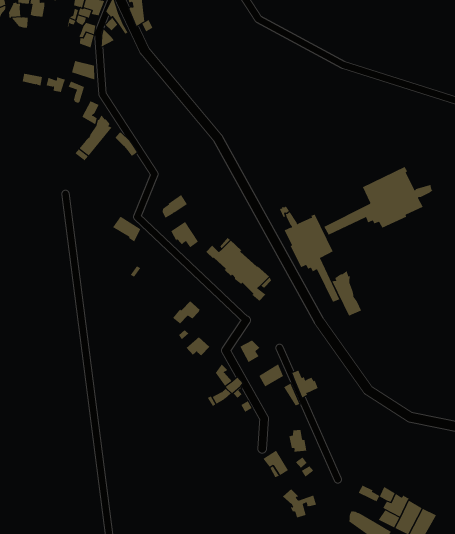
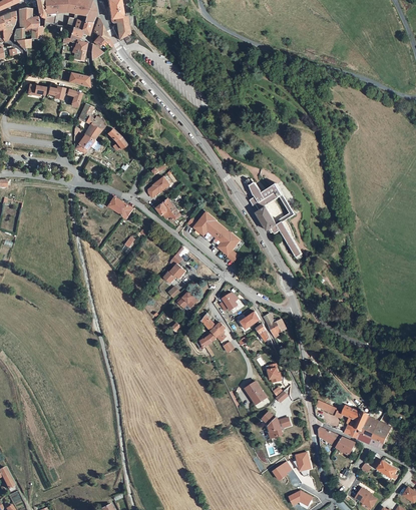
building: [324,166,434,236] -> none
building: [331,270,362,317] -> none

